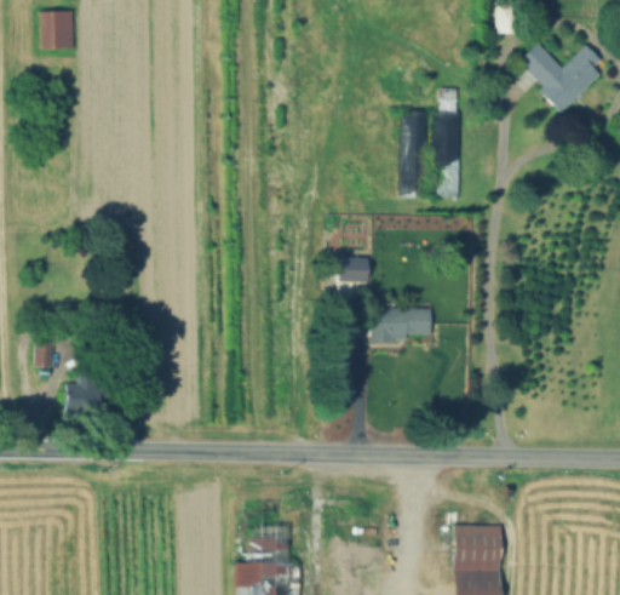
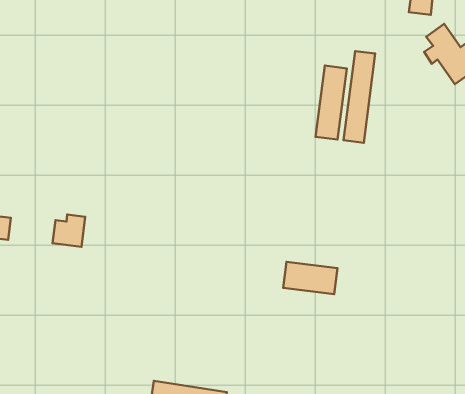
building: [339,263,368,285] -> none
building: [368,308,430,339] -> [283,262,338,294]
building: [65,376,101,412] -> [52,215,85,247]

